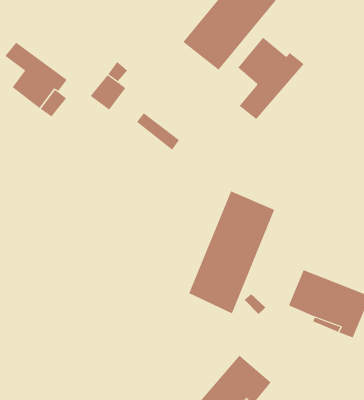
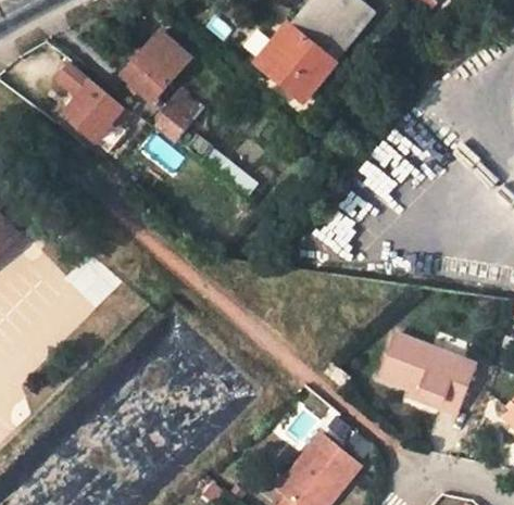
building: none -> [118,29,188,98]
building: [237,37,304,120] -> none
building: [188,190,275,314] -> none

